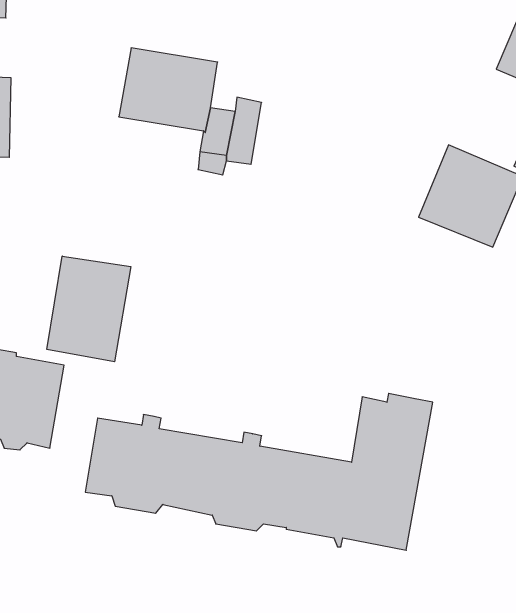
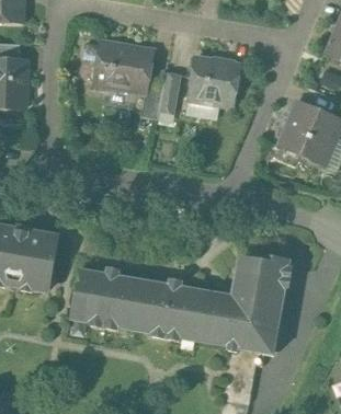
building: none -> [187,57,240,107]
building: [47,256,131,362] -> none

